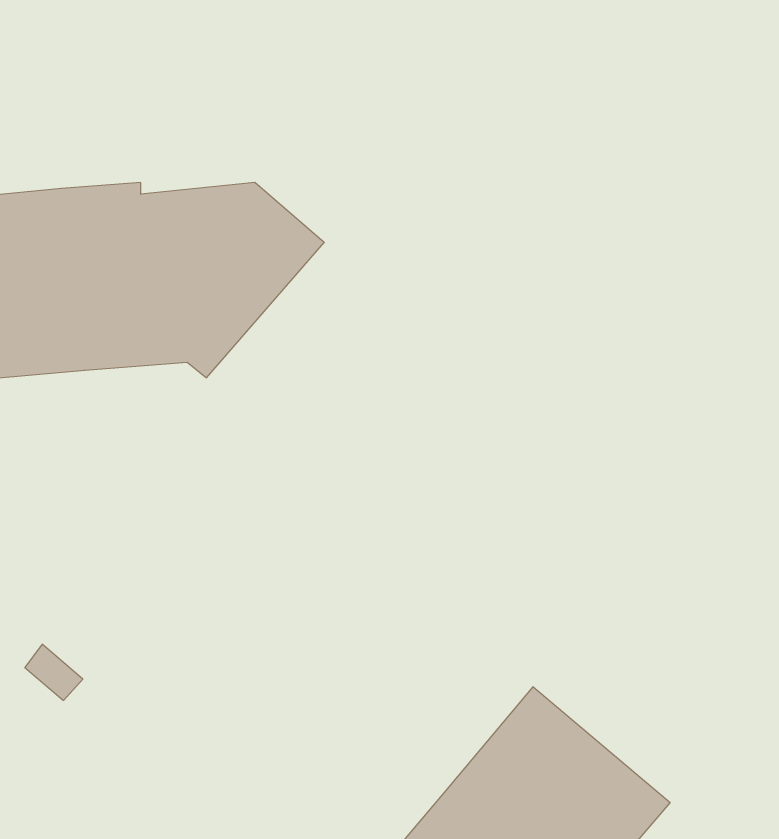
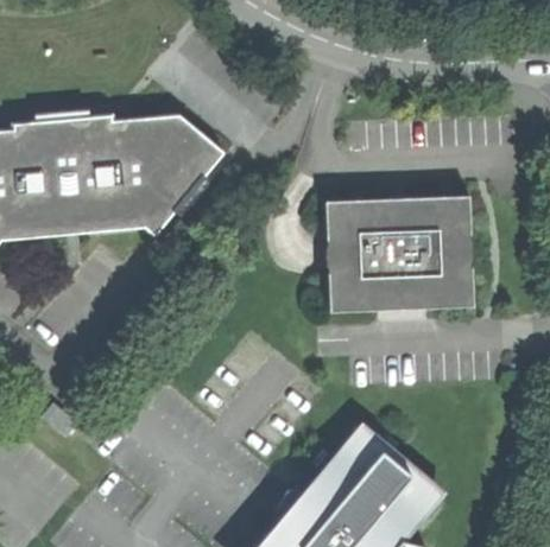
building: none -> [327,197,474,311]

